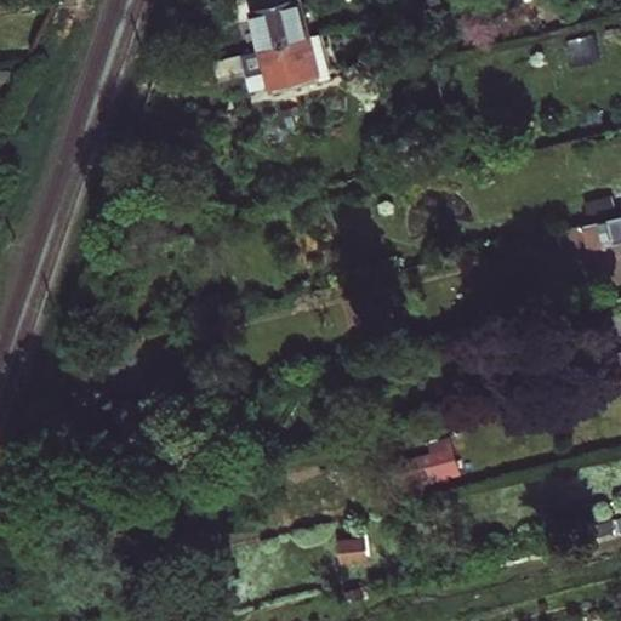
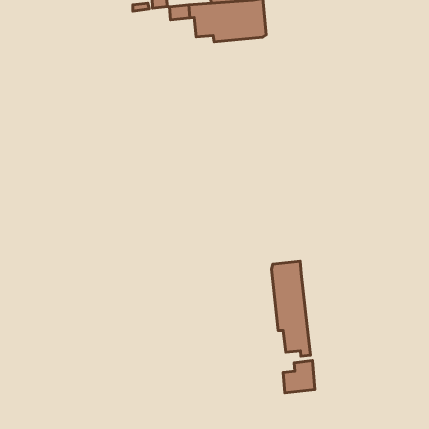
building: none -> [272,261,311,356]

